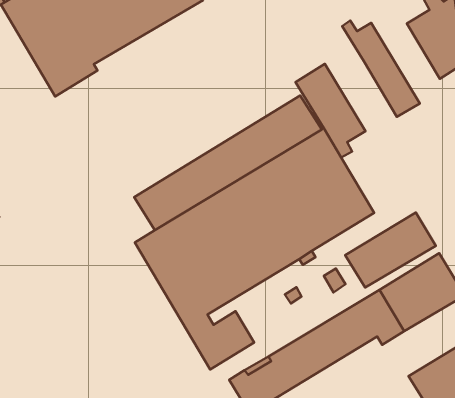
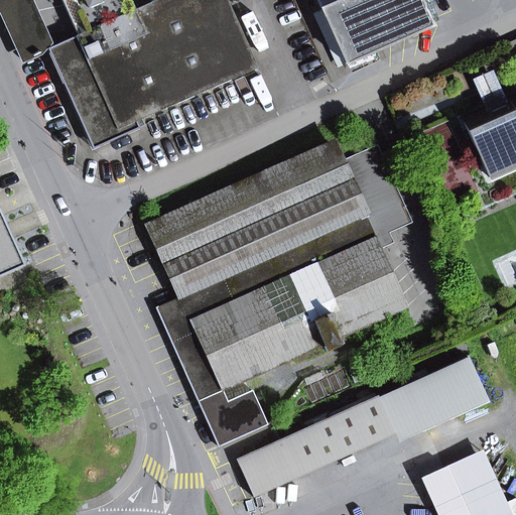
building: [342,21,420,117] -> none
building: none -> [146,141,345,260]
building: [345,212,436,288] -> none

